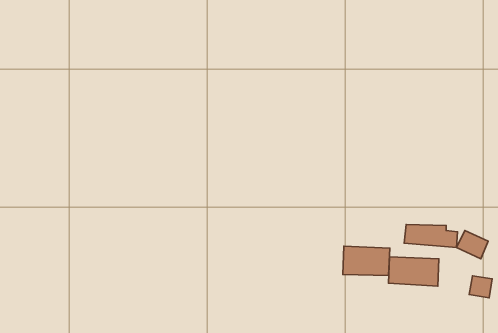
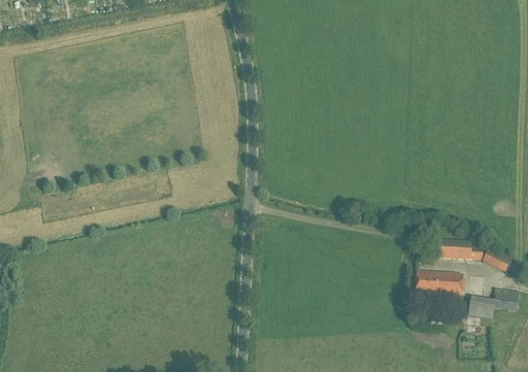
building: [343,246,390,275] -> none
building: none -> [468,294,496,317]

